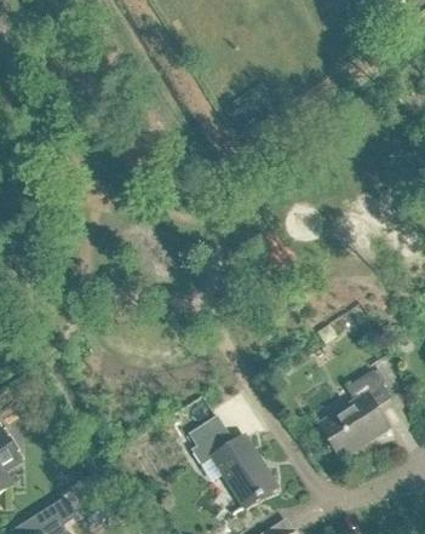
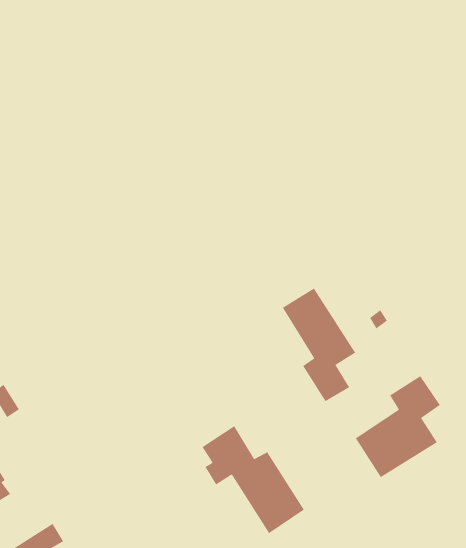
building: none -> [282,287,356,402]

